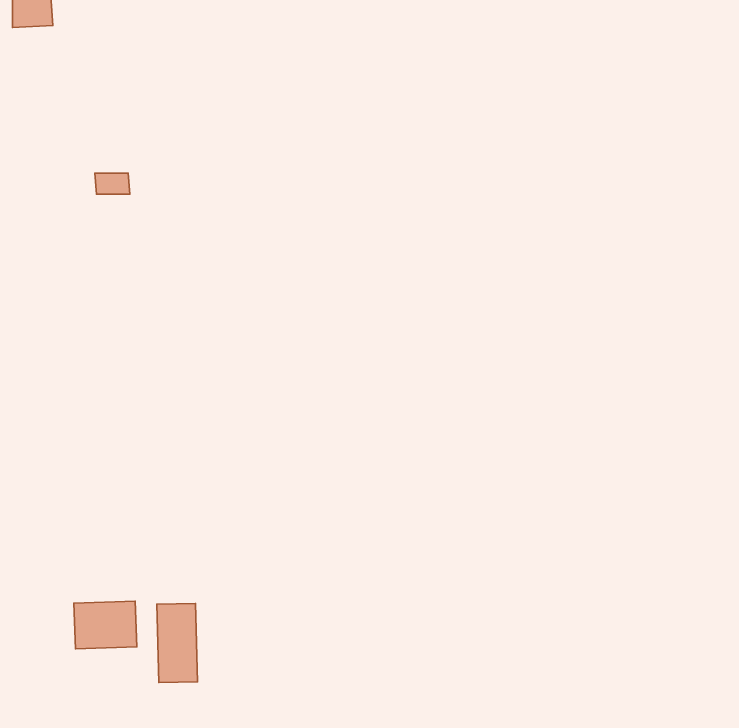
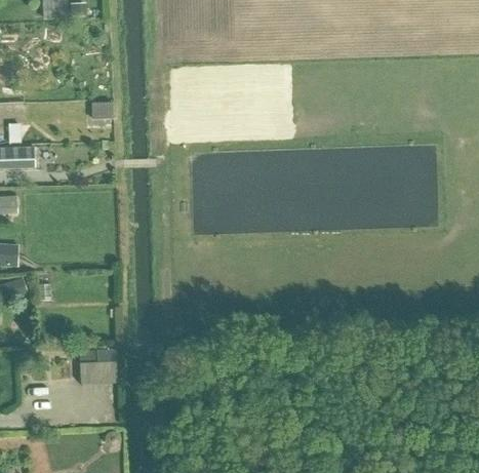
building: [157,603,198,682] -> none

